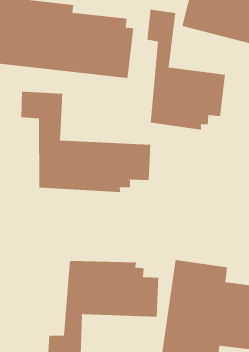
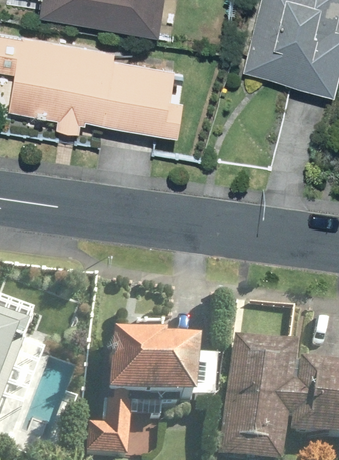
building: [147,9,226,130] -> none
building: [21,91,151,193] -> none

